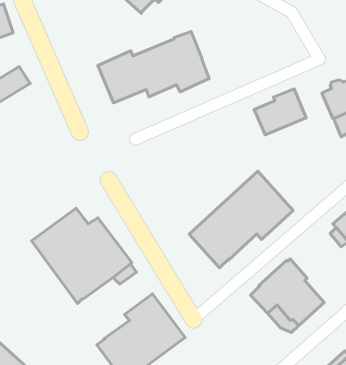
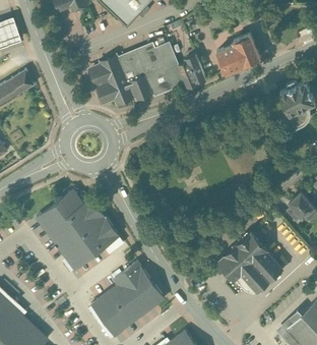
building: none -> [179,58,205,87]
building: [254,89,306,135] -> [217,34,261,72]
building: [189,171,293,268] -> none

